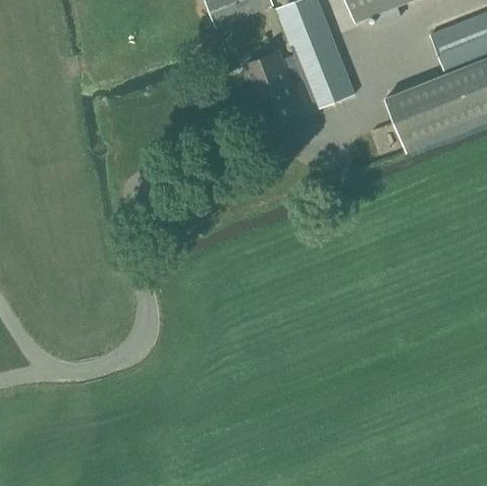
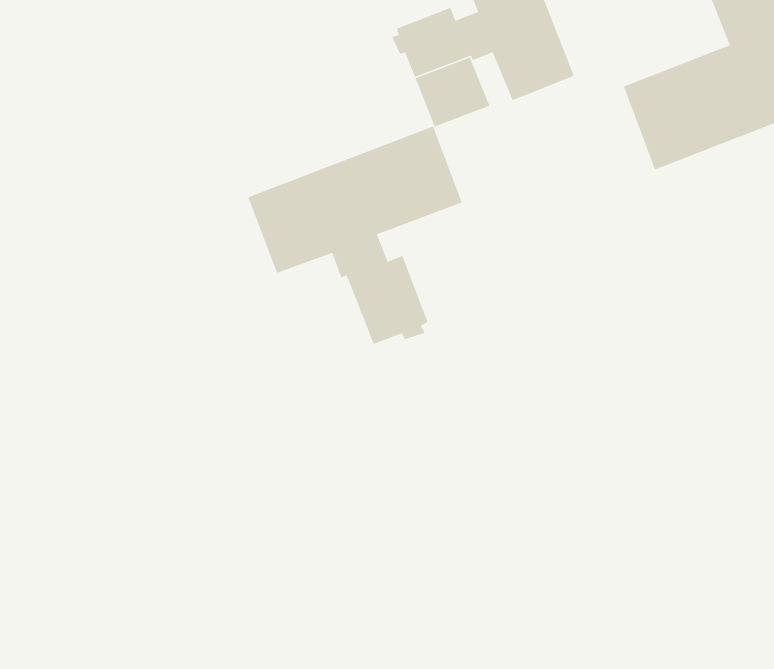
building: none -> [247,125,463,345]

